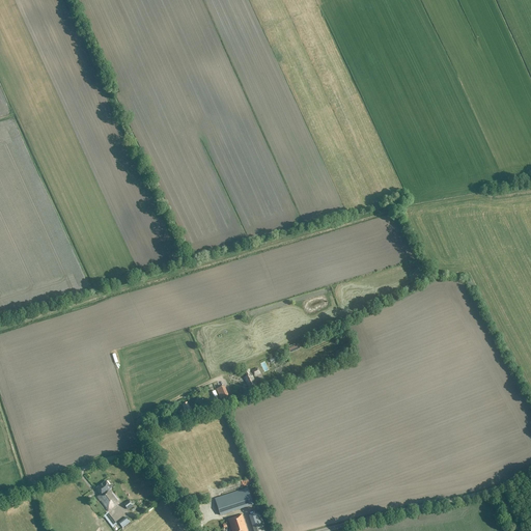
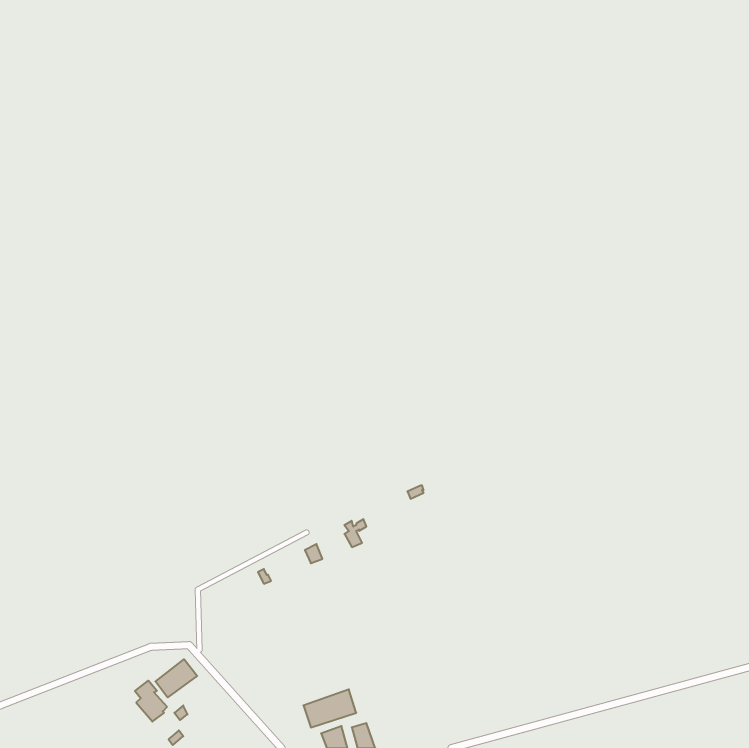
building: none -> [155,659,197,697]

